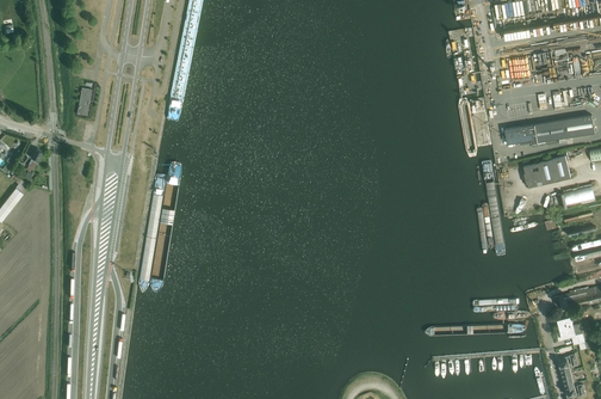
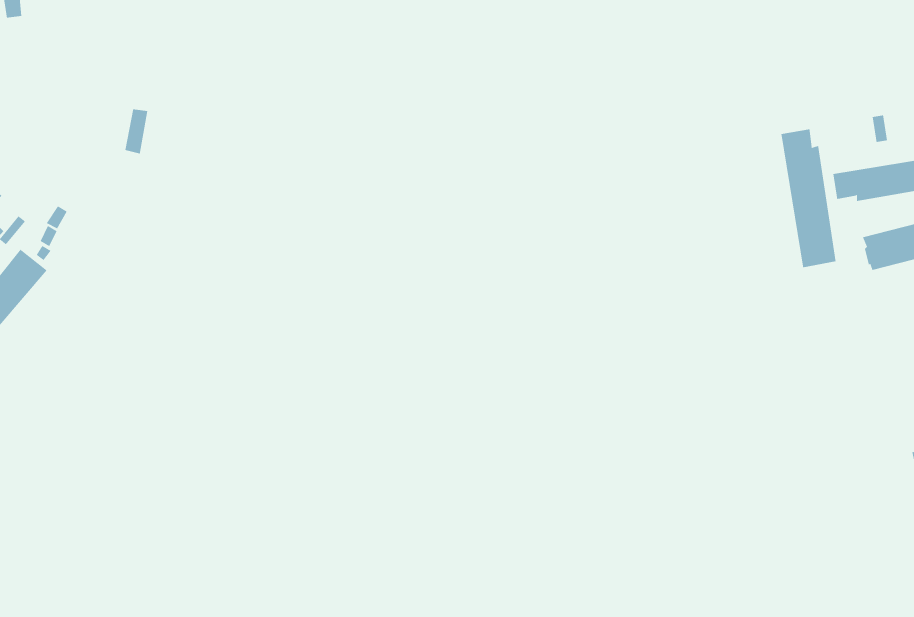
building: none -> [781,128,836,268]

